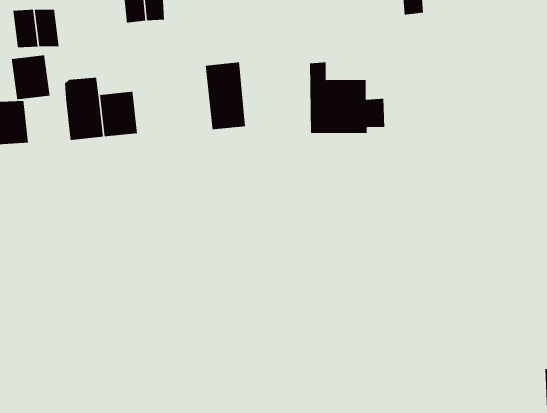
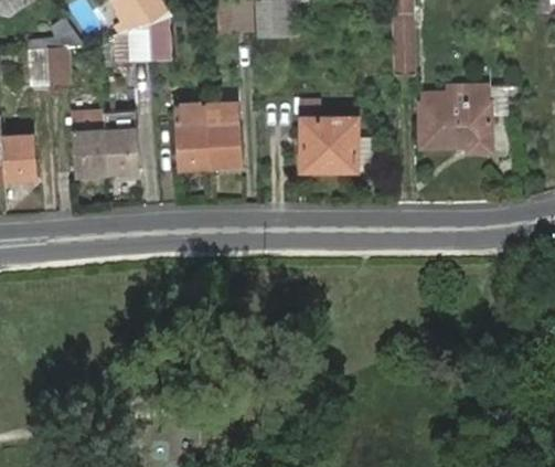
building: none -> [420,85,493,149]
building: [11,54,50,100] -> none
building: none -> [174,100,212,168]

